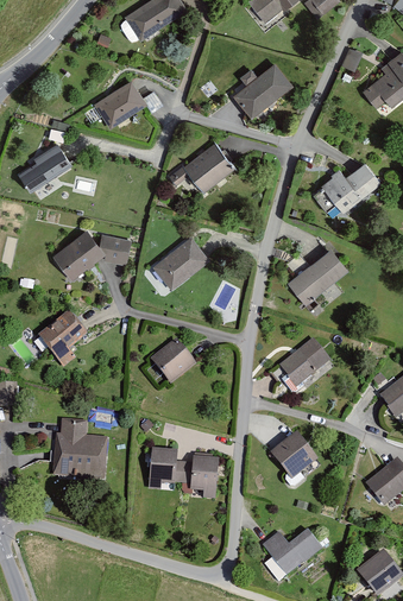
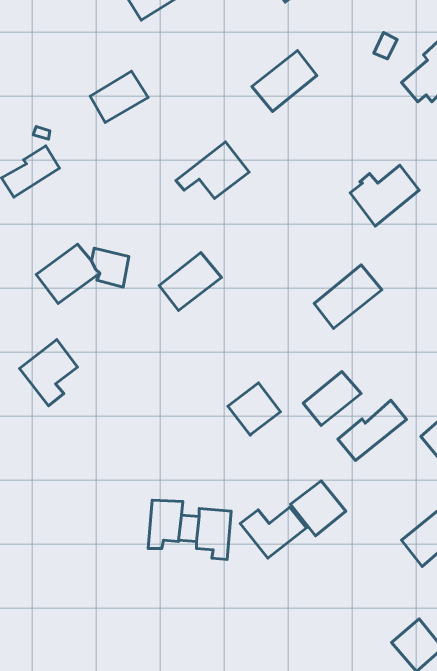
building: [151,340,196,385] -> [228,383,281,435]
building: none -> [338,400,406,461]
building: [51,419,107,482] -> none
building: [263,531,320,575] -> [240,507,307,558]

